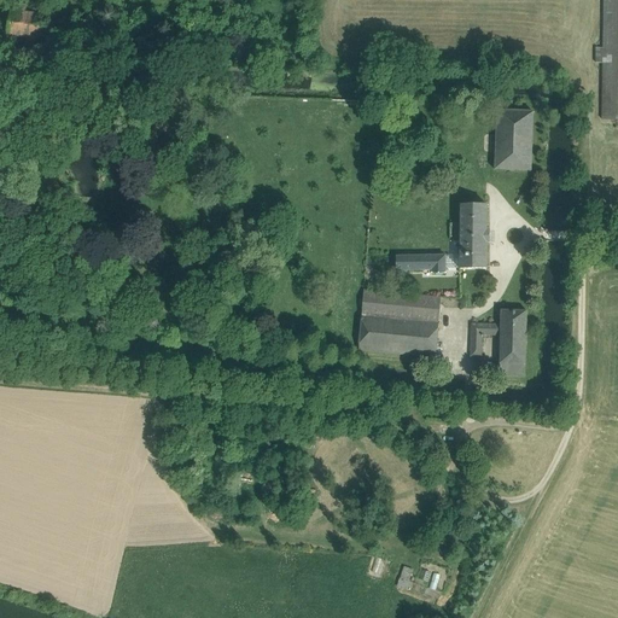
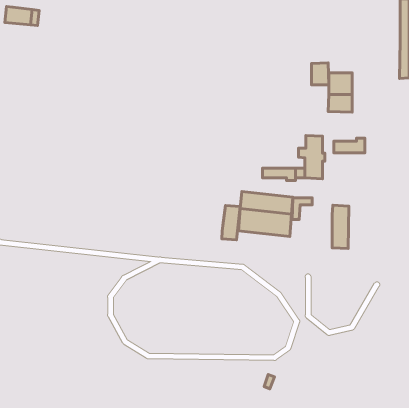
building: none -> [311,63,329,85]
building: none -> [334,138,365,153]
building: none -> [222,205,240,240]
building: [471,323,501,356] -> [292,198,312,219]

